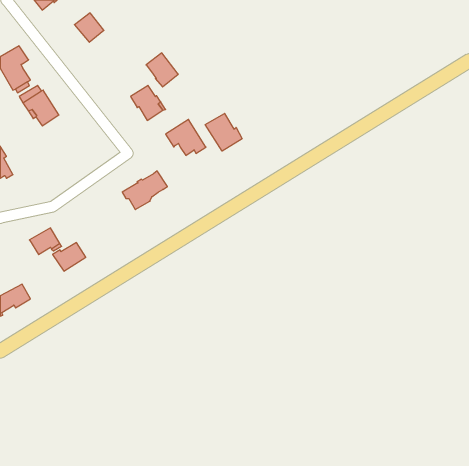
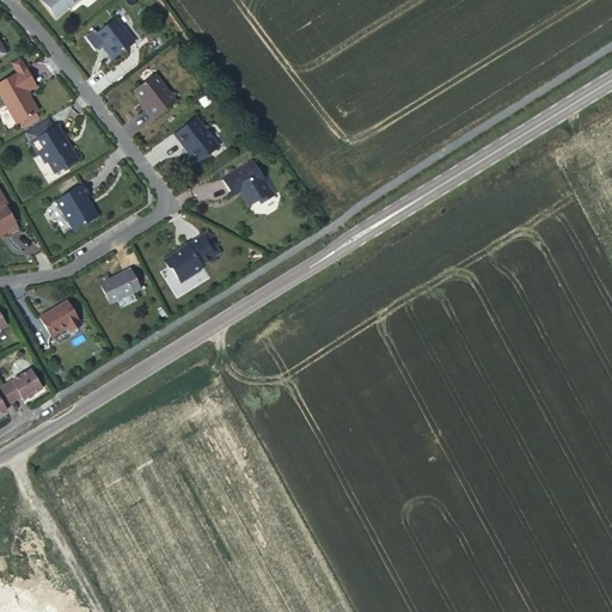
building: [146,53,178,87] -> [136,78,178,122]
building: [205,113,242,151] -> none
building: none -> [50,184,93,231]
building: [53,243,86,271] -> [99,268,142,305]

